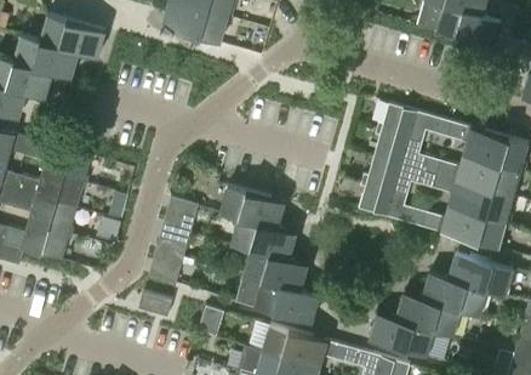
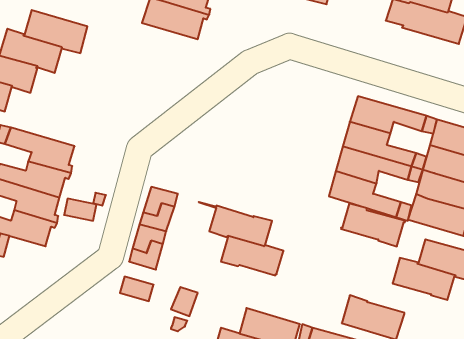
building: [221,186,285,229] -> none
building: [255,279,320,324] -> none
building: [396,291,463,336] -> [341,203,405,246]

